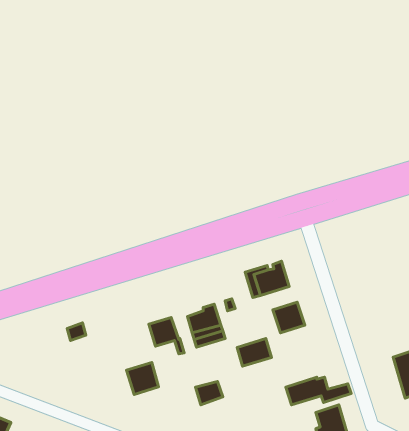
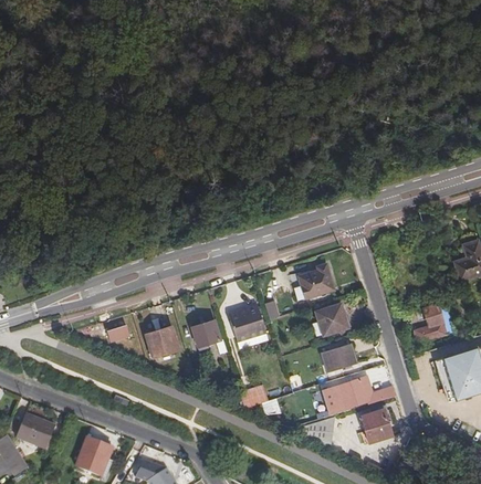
building: none -> [416,303,448,341]
building: [237,339,271,366] -> [323,343,357,370]
building: [127,362,159,394] -> [145,322,177,354]

